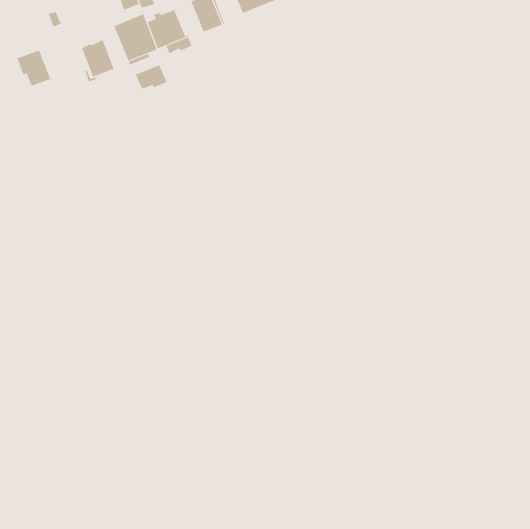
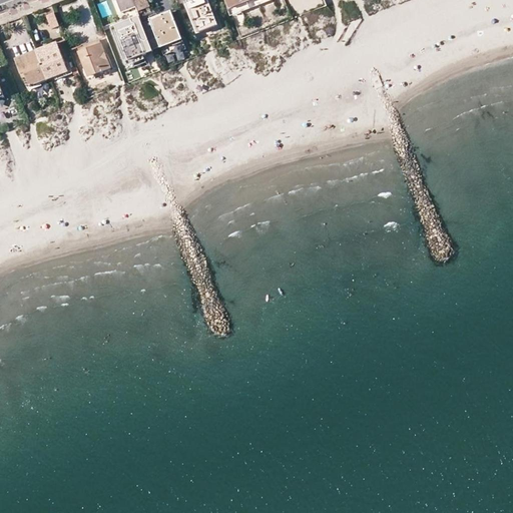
building: none -> [38,40,68,76]
building: [135,65,167,90] -> none

